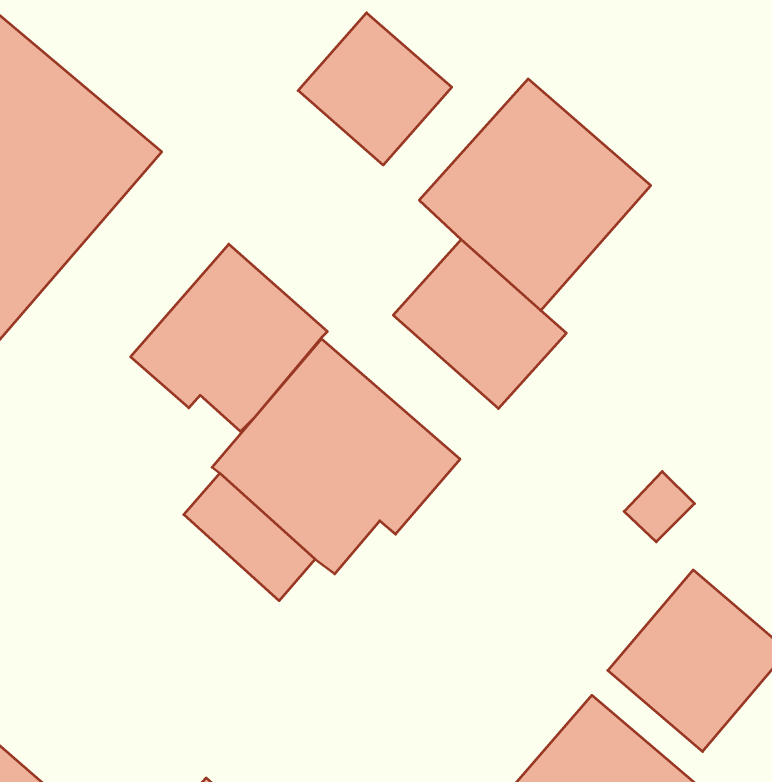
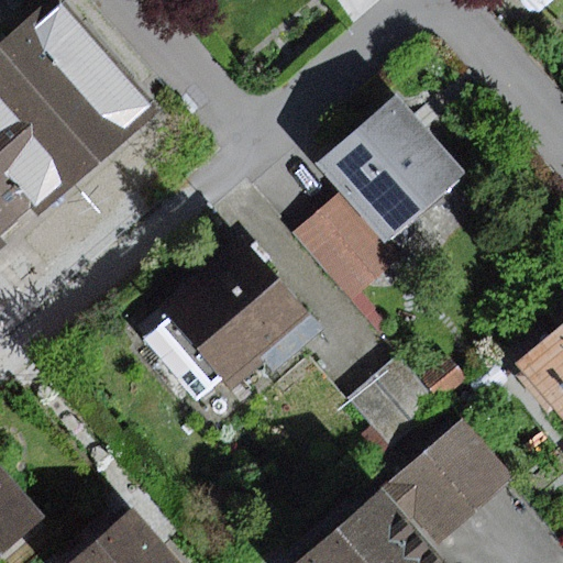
building: [298,13,452,165] -> none
building: [131,244,327,432] -> none
building: none -> [345,358,434,448]

